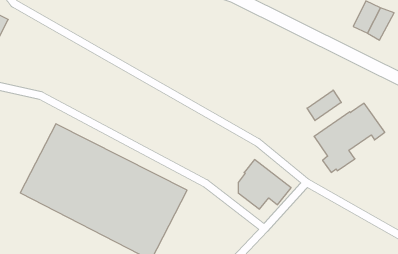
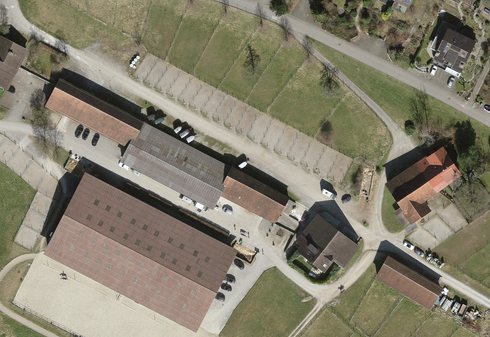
building: none -> [43,77,289,222]
building: [307,90,341,121] -> none
building: none -> [375,256,442,309]

